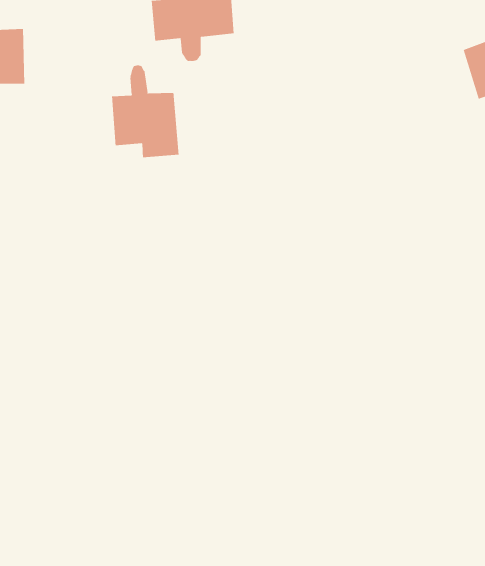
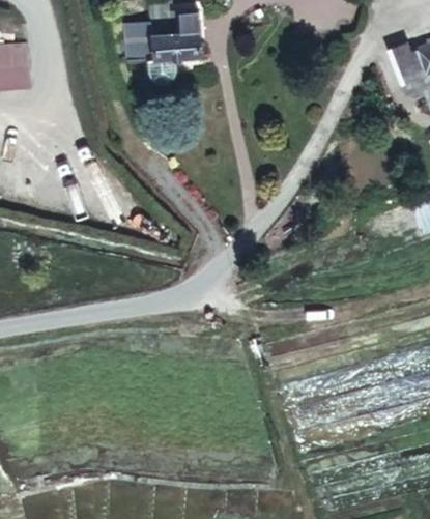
building: [111,64,179,158] -> none

